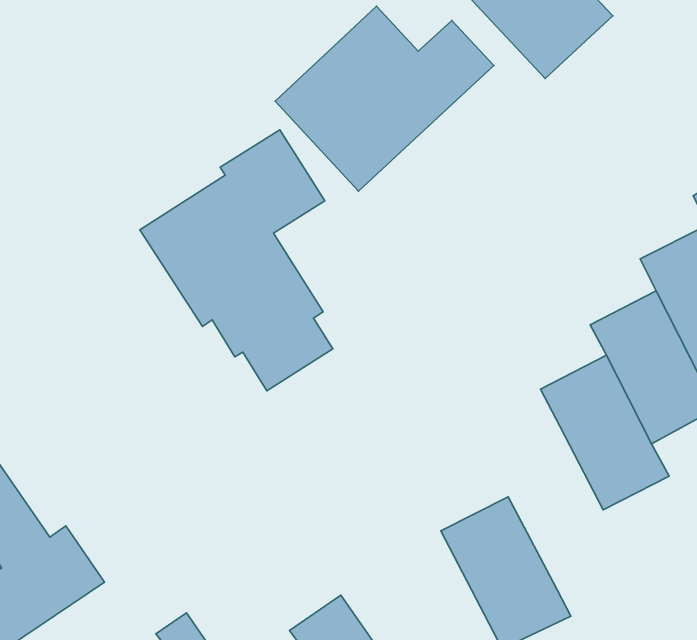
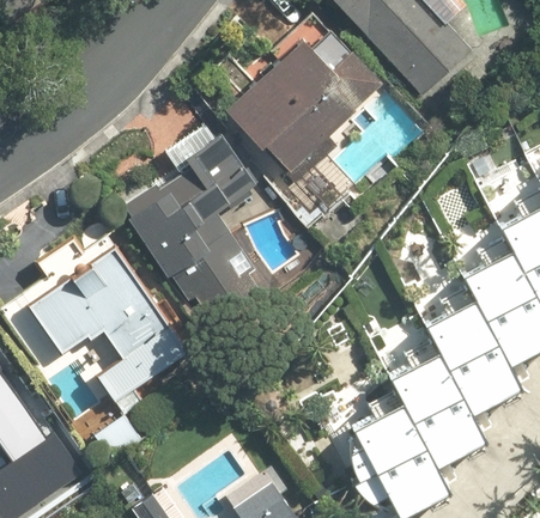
building: none -> [22,245,184,401]
building: none -> [381,353,479,469]

